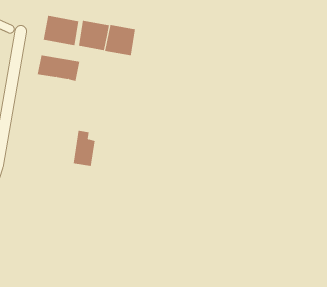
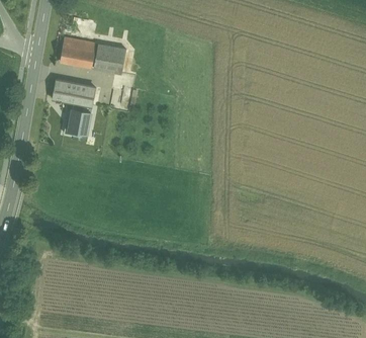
building: [105,24,136,56] -> none
building: [73,130,96,167] -> [66,101,89,139]

